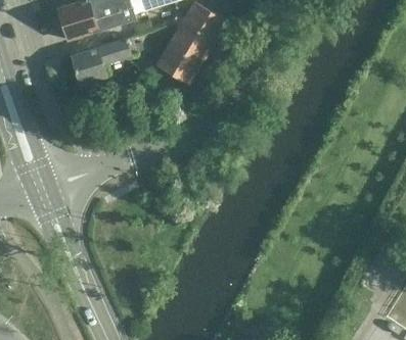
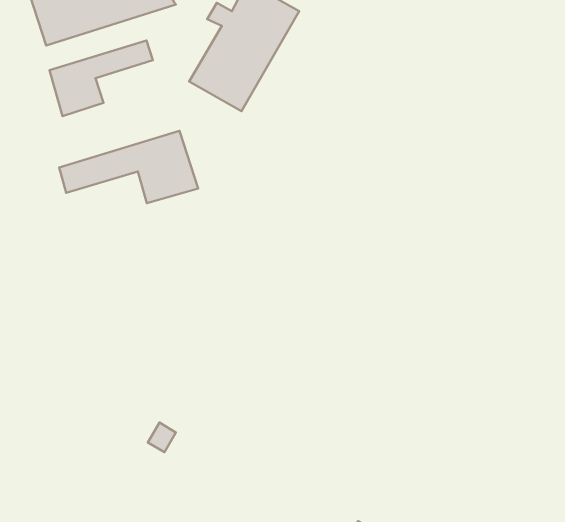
building: none -> [59,131,198,203]

